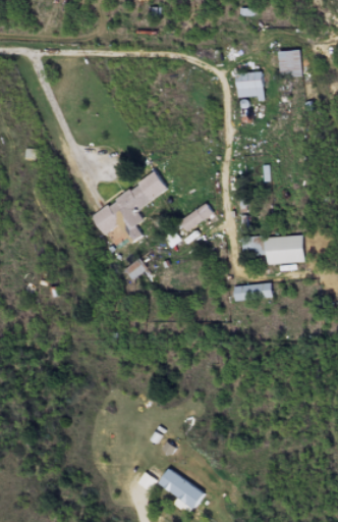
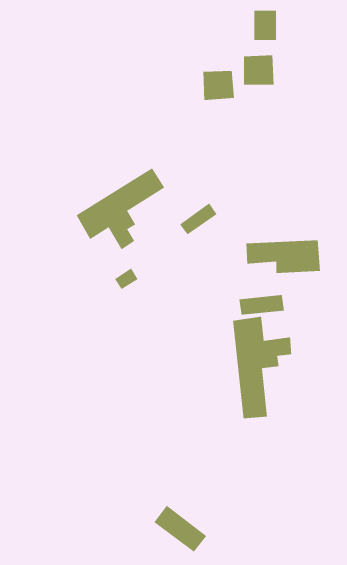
building: [280,51,300,77] -> [254,10,277,40]
building: none -> [203,70,234,101]
building: none -> [233,316,292,419]

